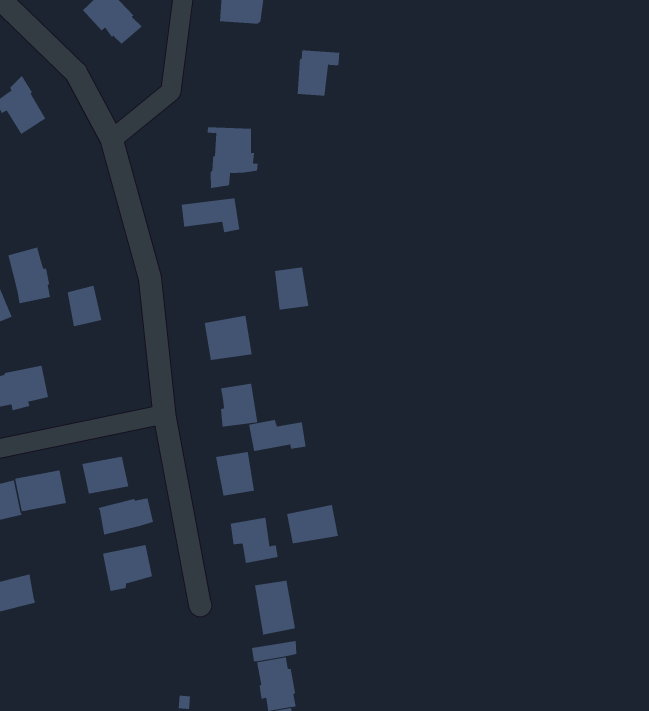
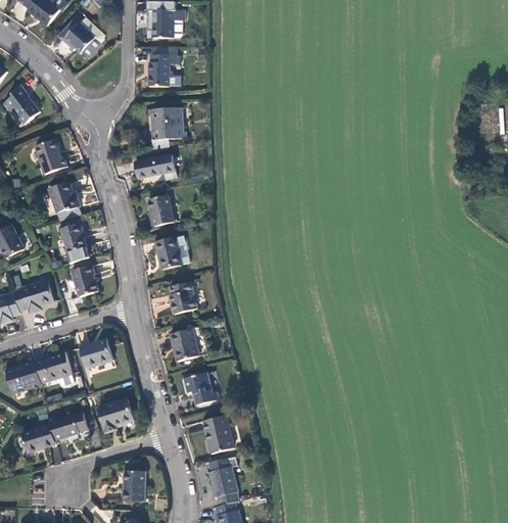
building: [297,50,340,96] -> [148,54,176,85]
building: none -> [36,138,67,174]
building: [7,247,51,304] -> [49,181,81,221]
building: [274,267,309,310] -> [150,195,176,226]
building: none -> [72,265,97,296]
building: [249,419,306,452] -> none
building: [98,498,154,535] -> [49,412,88,439]
building: [286,504,339,544] -> none
building: none -> [123,469,145,498]

